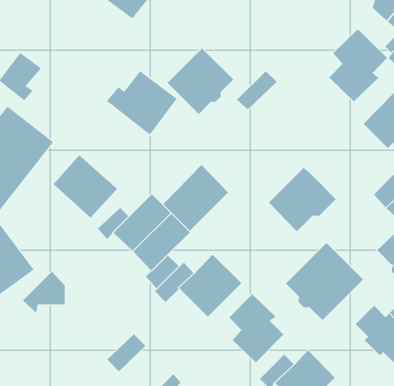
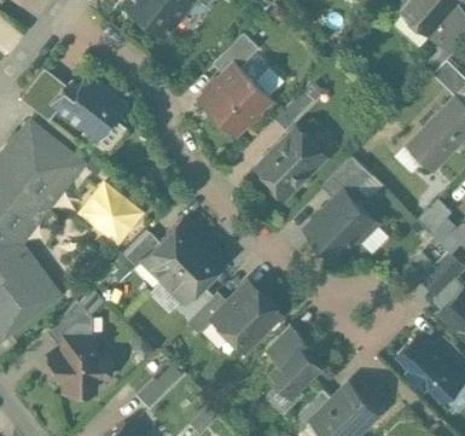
building: none -> [211,34,257,77]
building: [329,28,388,102] -> none
building: [106,70,178,135] -> [50,74,126,143]
building: none -> [321,157,372,200]
building: [163,164,229,231] -> [255,128,325,199]
building: [285,242,364,321] -> none
building: none -> [47,338,107,394]

